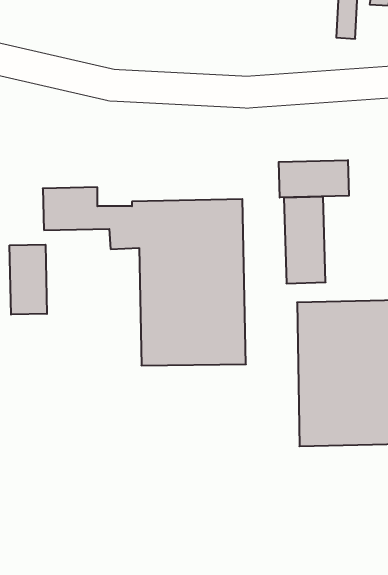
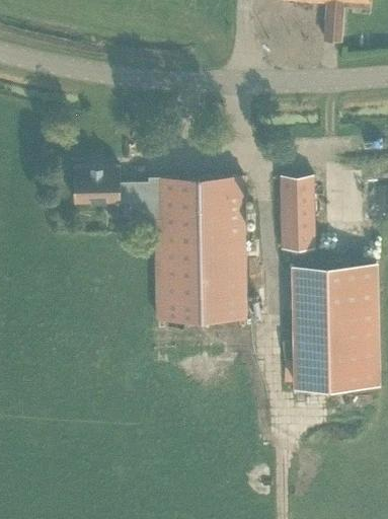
building: [279,160,349,198] -> none
building: [10,245,47,315] -> none

